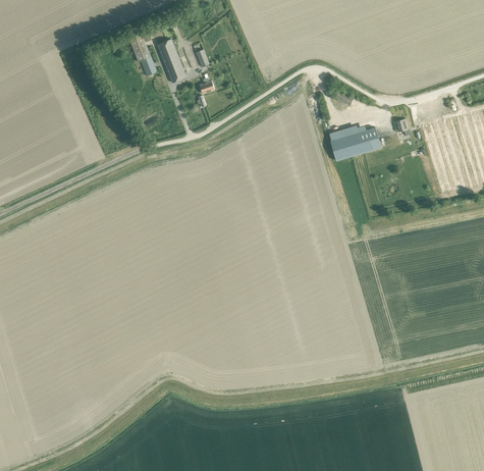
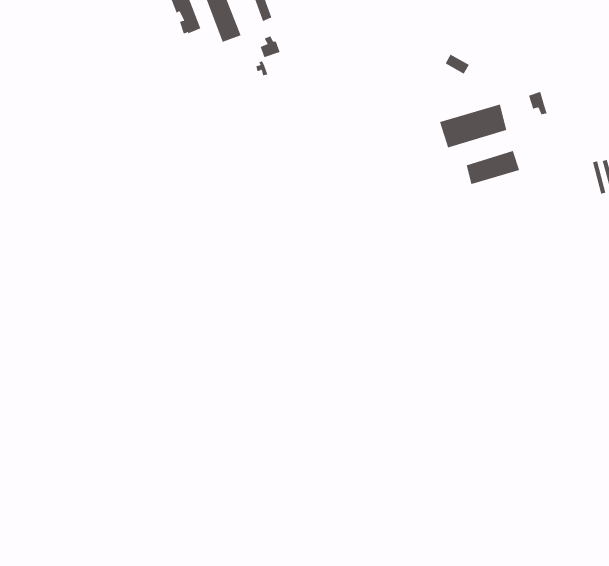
building: none -> [466,150,520,185]

